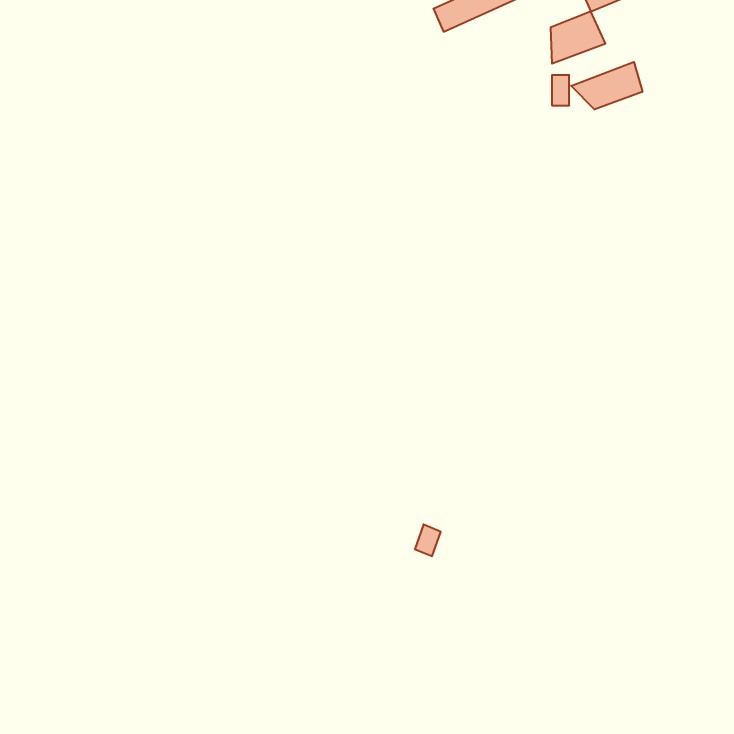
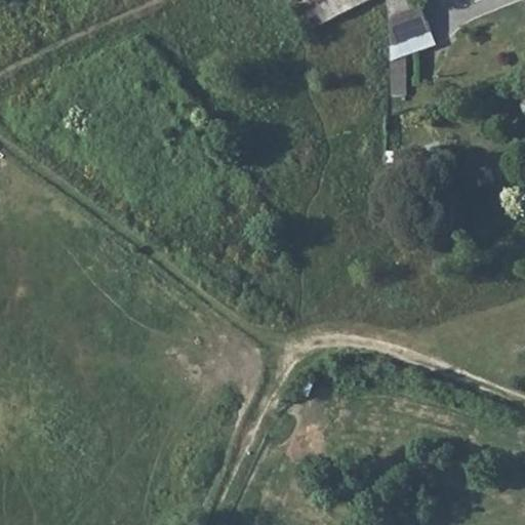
building: [571,62,642,109] -> none

